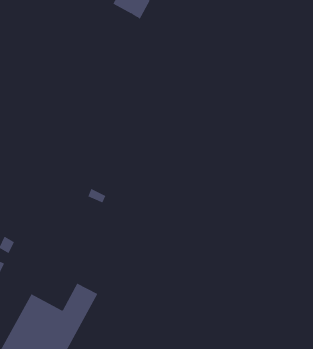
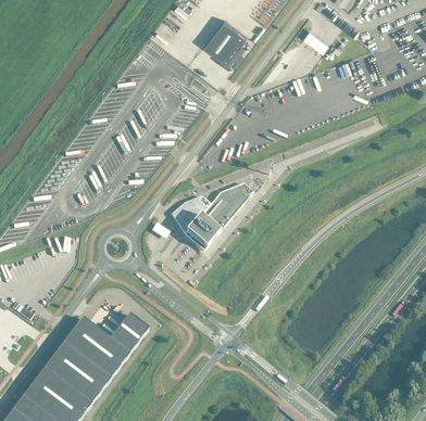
building: none -> [168,184,251,250]

